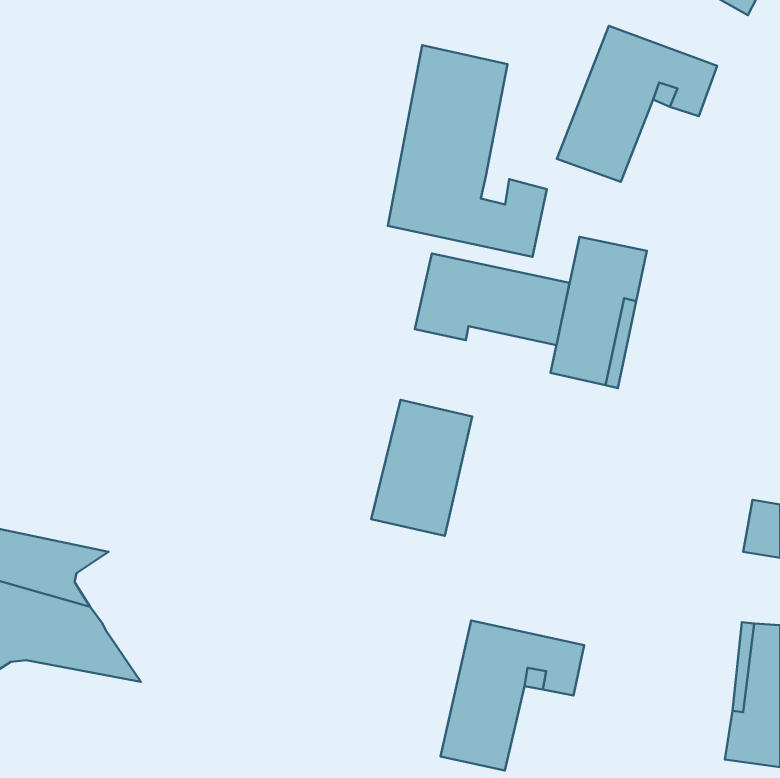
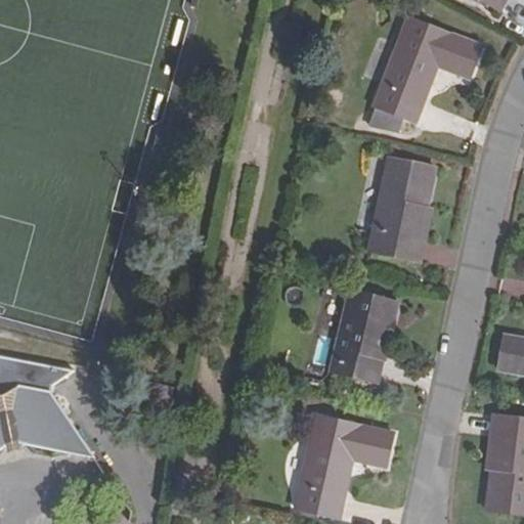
building: [388,45,547,257] -> none
building: [415,253,569,345] -> none
building: [371,400,472,536] -> [329,292,396,383]

